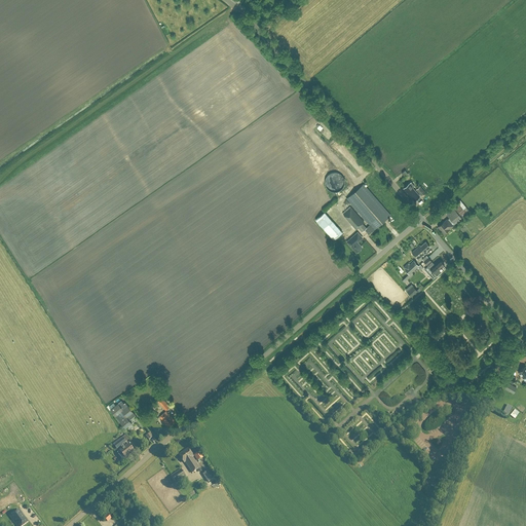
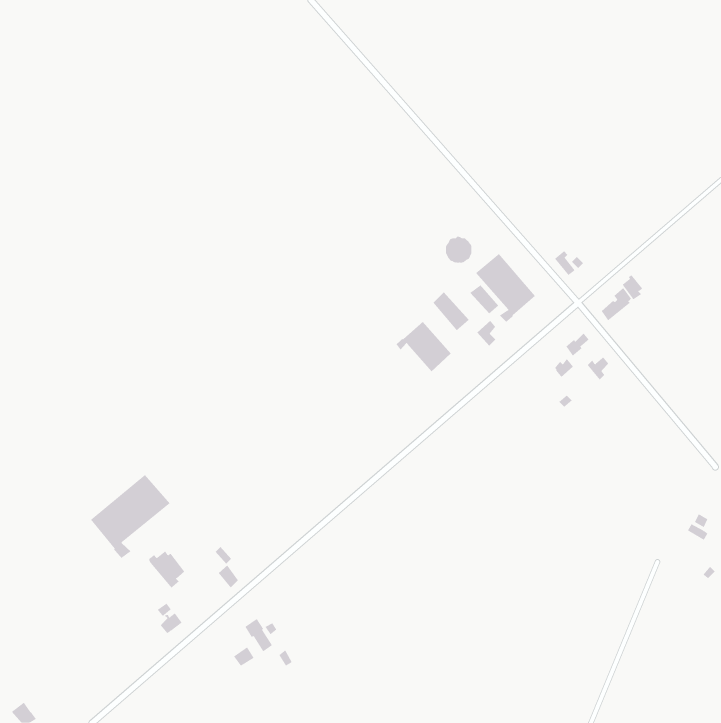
building: none -> [396,321,452,372]
building: none -> [90,474,170,559]

